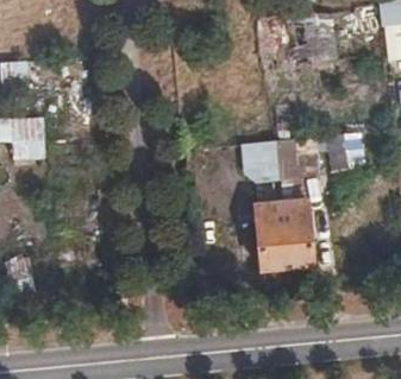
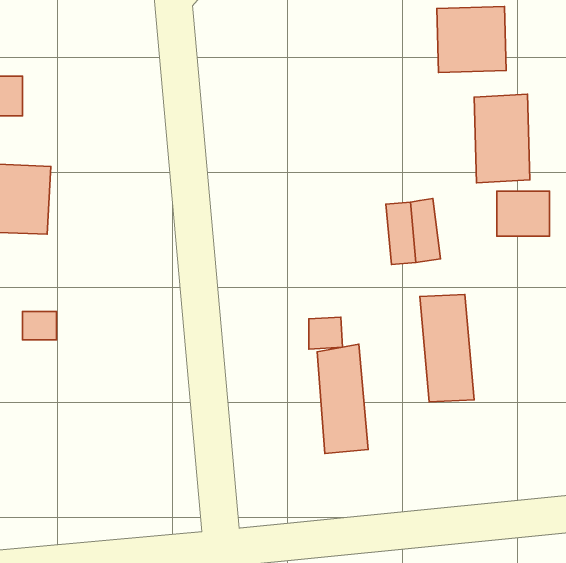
building: none -> [474,94,530,183]
building: [255,201,287,270] -> [317,344,368,453]

